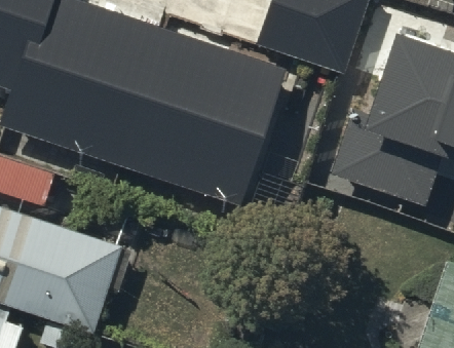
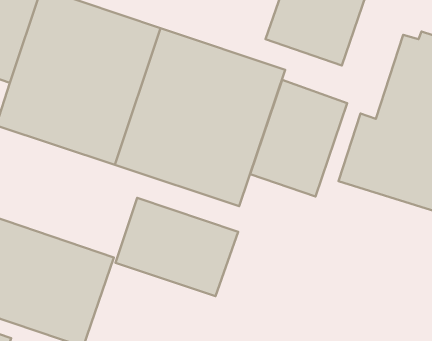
building: none -> [250,80,347,196]
building: none -> [115,198,238,296]

